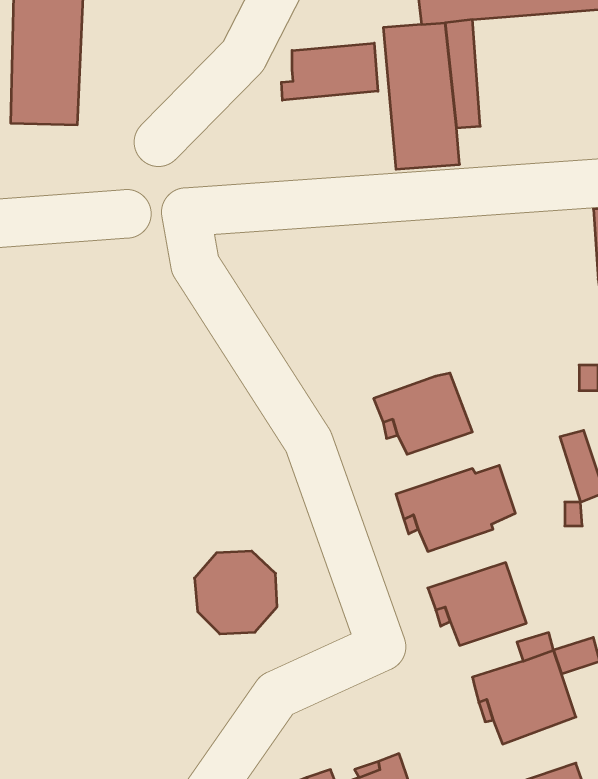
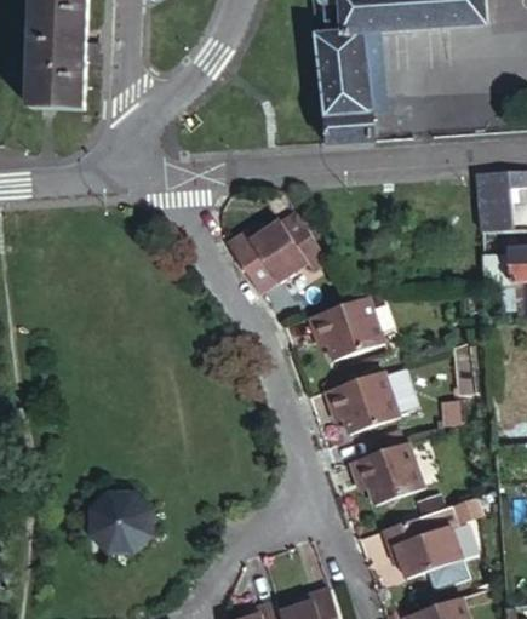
building: [281,43,378,100] -> none
building: none -> [222,206,328,291]
building: [194,551,277,634] -> [90,494,153,557]

